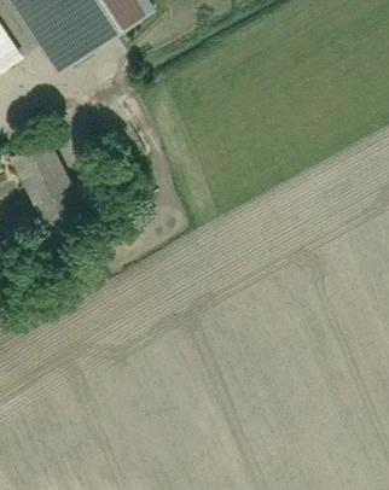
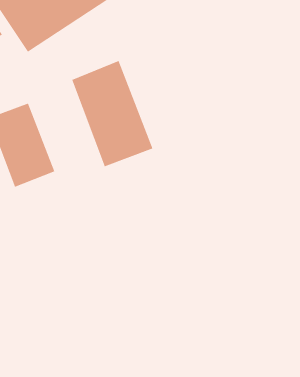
building: none -> [71,60,153,167]

